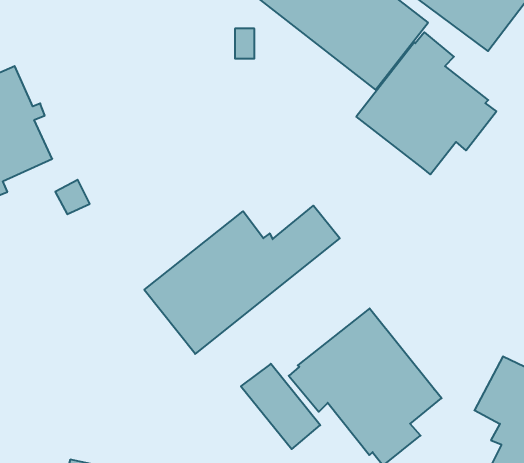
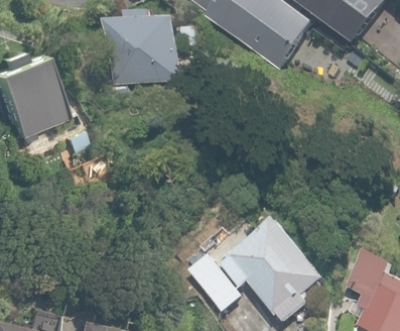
building: none -> [109,12,186,84]
building: [356,32,496,174] -> none
building: [144,206,340,354] -> none

